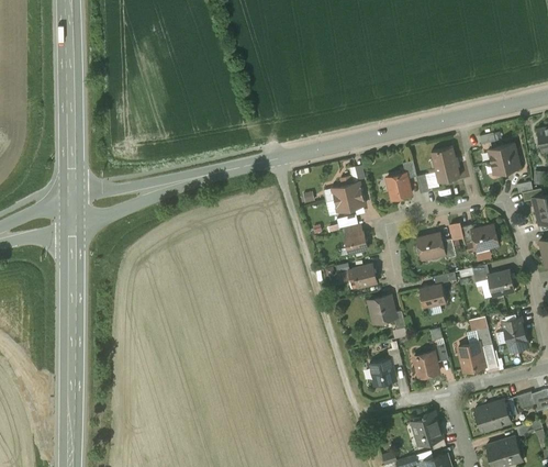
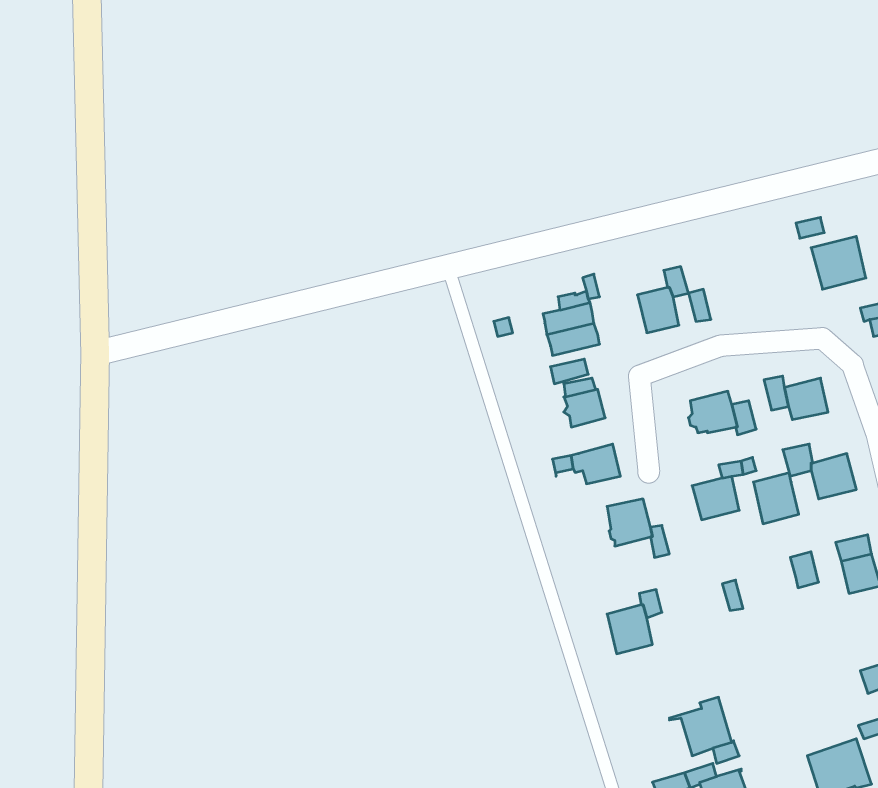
building: [430,147,460,184] -> none
building: [458,343,484,373] -> [753,473,799,524]
building: [414,353,438,378] -> none
building: [474,400,511,431] -> none

